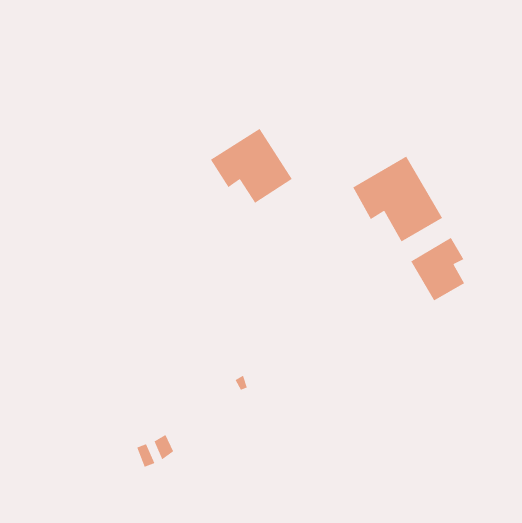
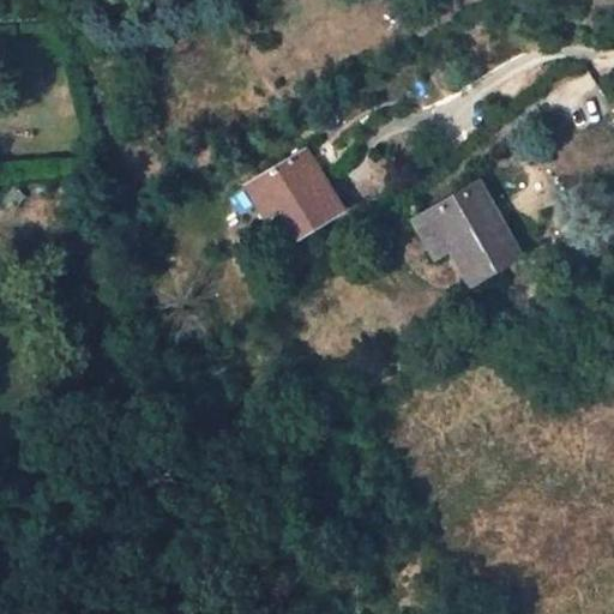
building: [410,237,465,301] -> none

